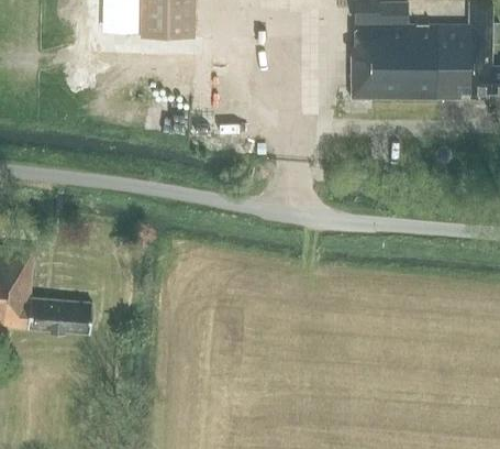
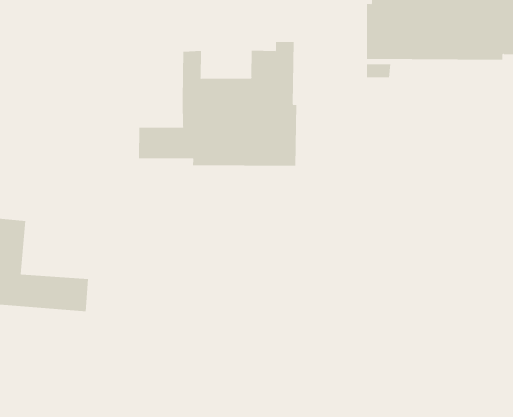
building: none -> [138,41,297,167]

